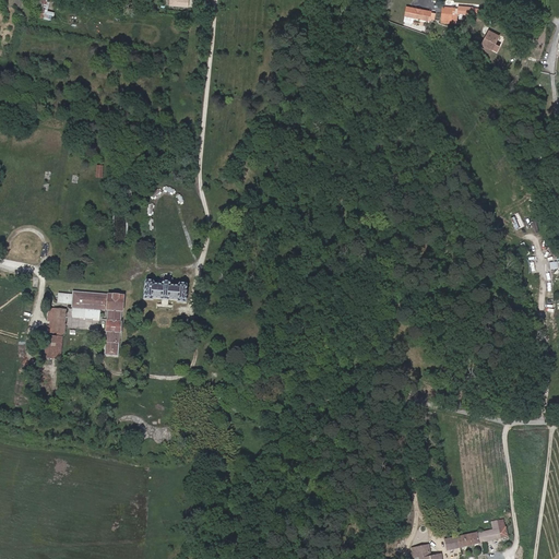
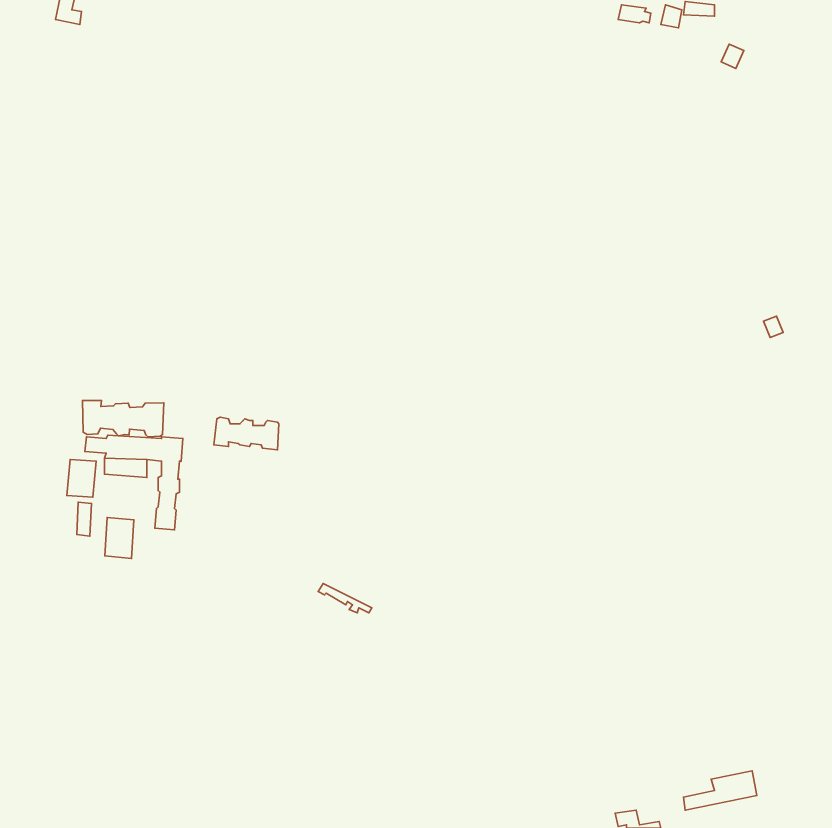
building: none -> [83,401,164,437]
building: none -> [105,517,134,558]

